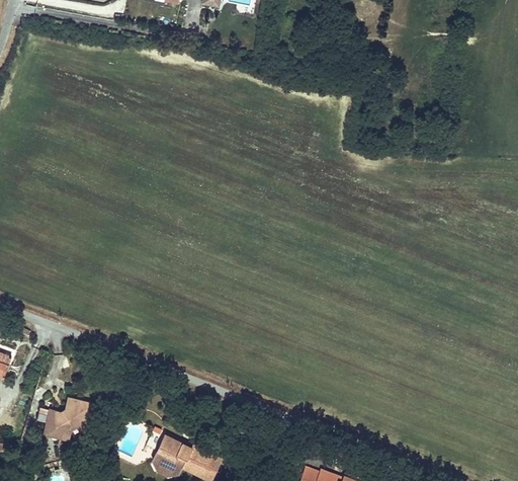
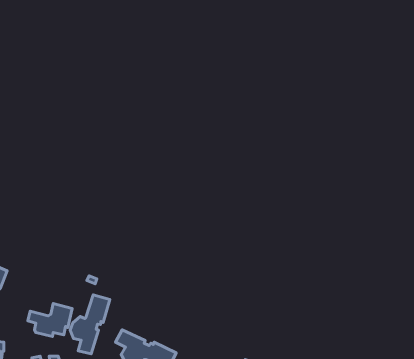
building: none -> [70,295,110,354]

